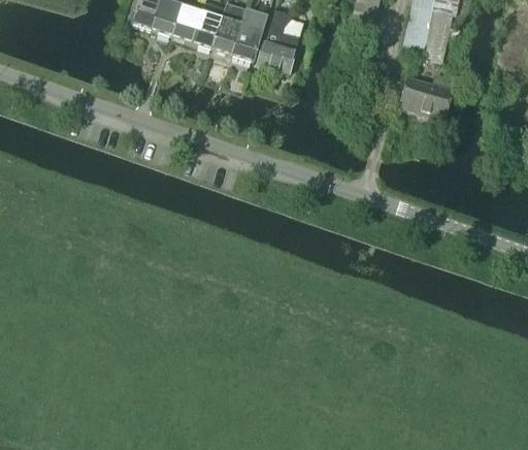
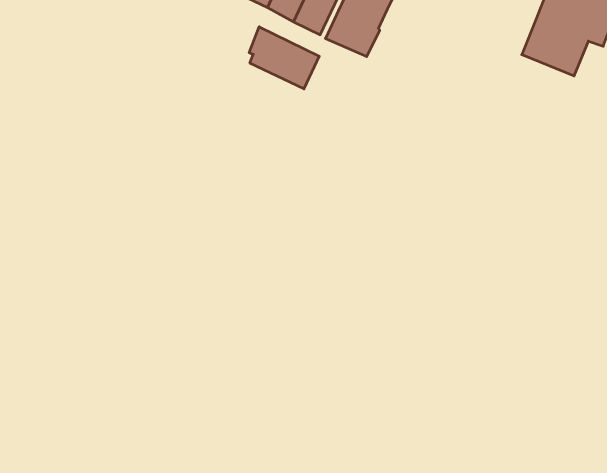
building: none -> [249,27,319,89]
building: [400,73,456,118] -> none

